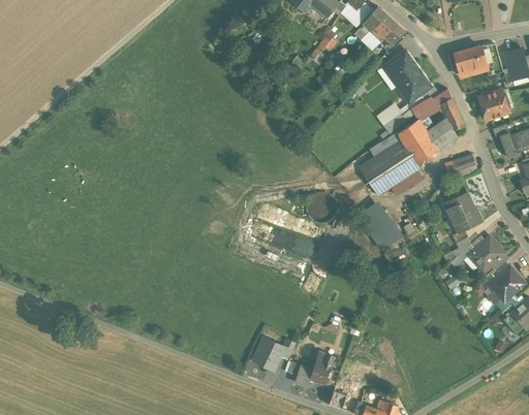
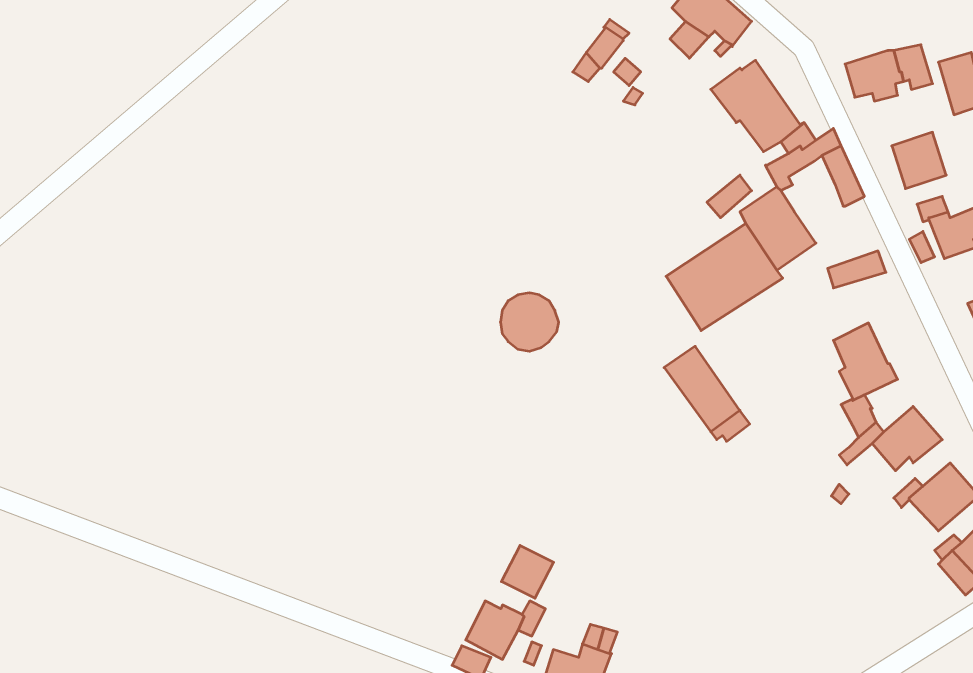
building: [427,118,457,149] -> none
building: [306,192,337,223] -> [500,293,559,351]
building: none -> [501,545,554,598]

